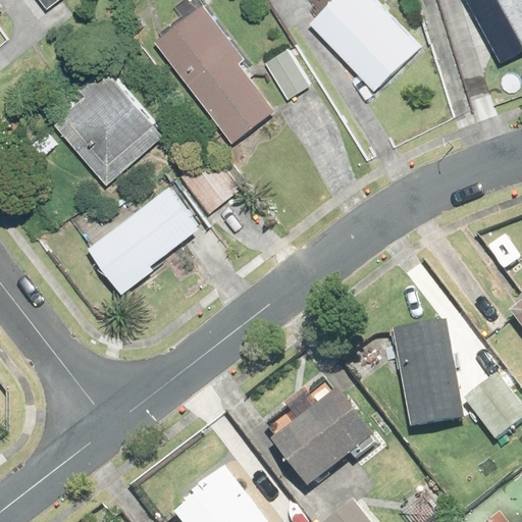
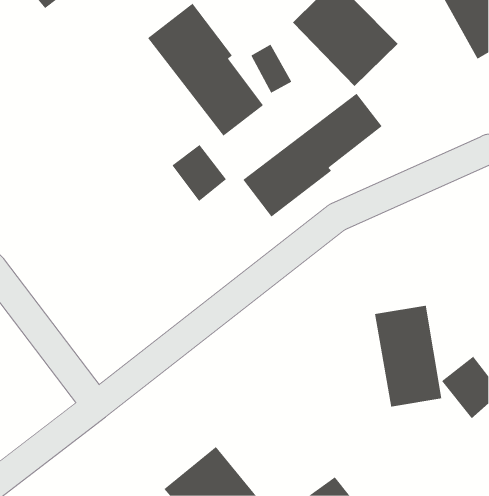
building: [51,73,163,186] -> none
building: none -> [243,93,383,218]
building: [89,182,207,293] -> none
building: [270,387,373,485] -> none

